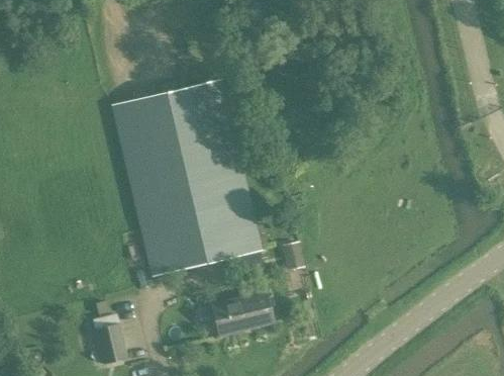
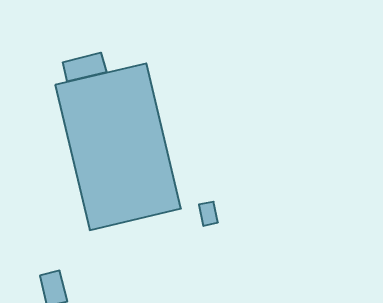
building: none -> [63,53,107,81]
building: [212,290,274,335] -> none

